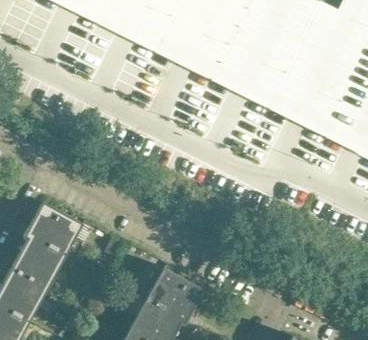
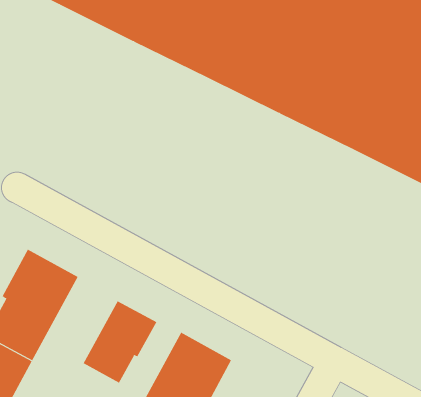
building: none -> [83,300,157,384]

